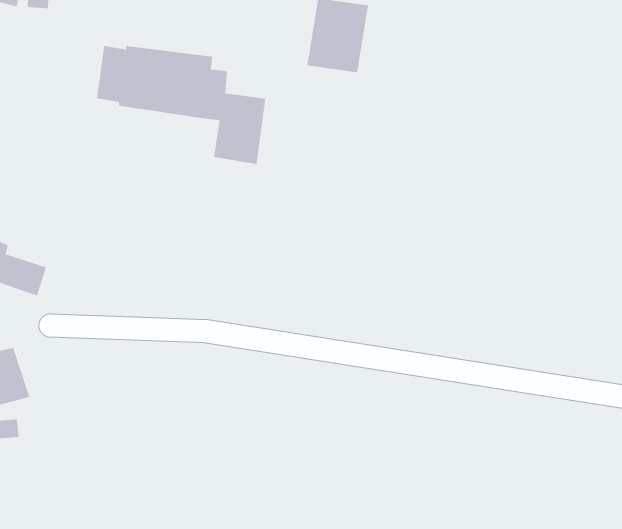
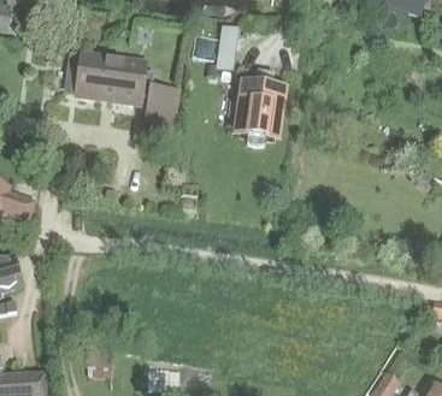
building: none -> [237,67,281,142]

